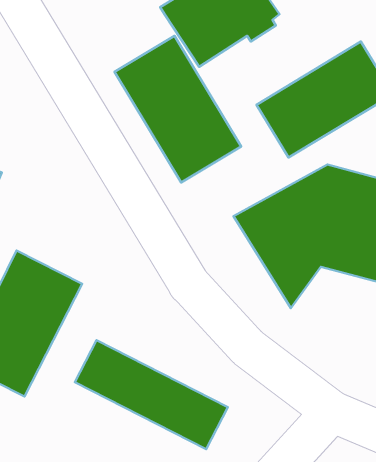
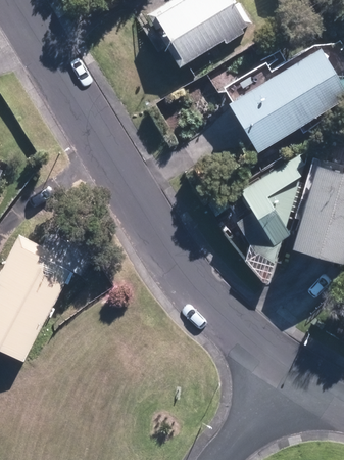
building: [115,36,241,182] -> none
building: [75,340,228,449] -> none

